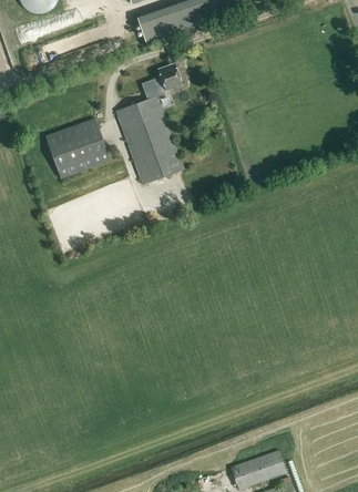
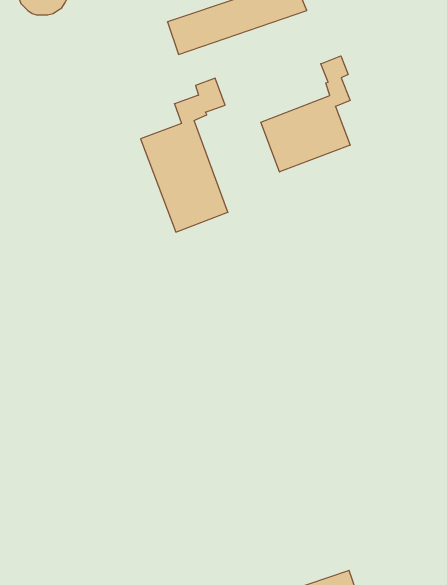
building: none -> [261,56,350,172]
building: [45,119,111,180] -> none

